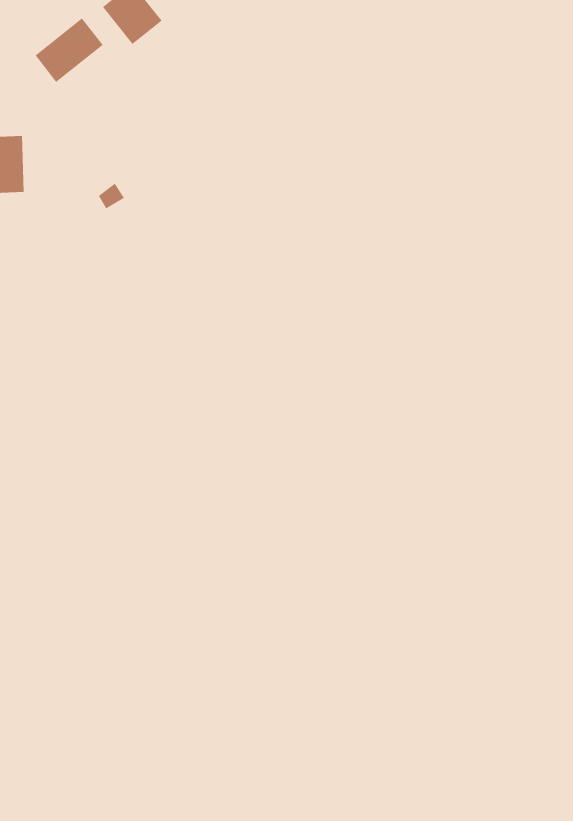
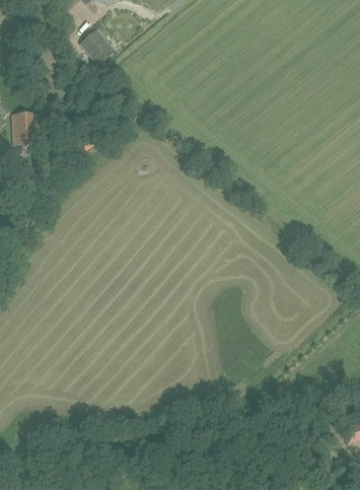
building: [35,18,103,83] -> none

